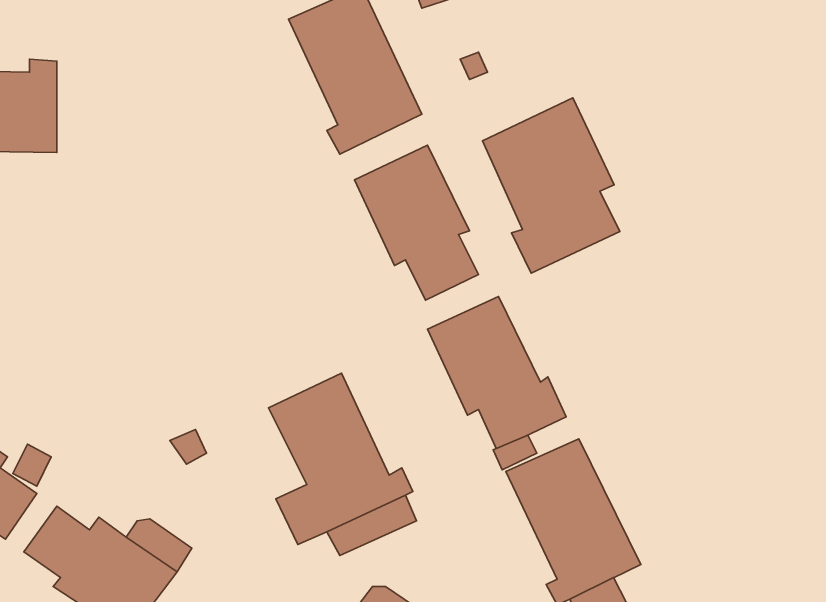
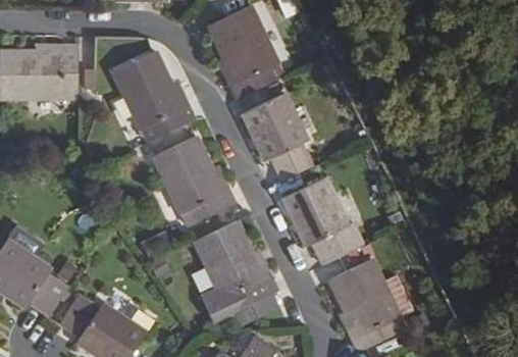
building: none -> [113,50,196,142]
building: [483,98,620,273] -> none
building: none -> [155,137,237,226]

